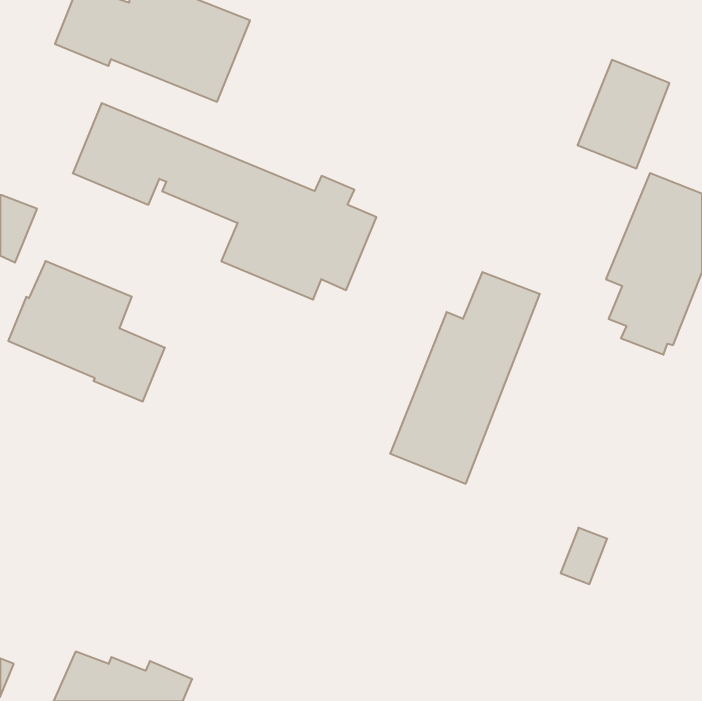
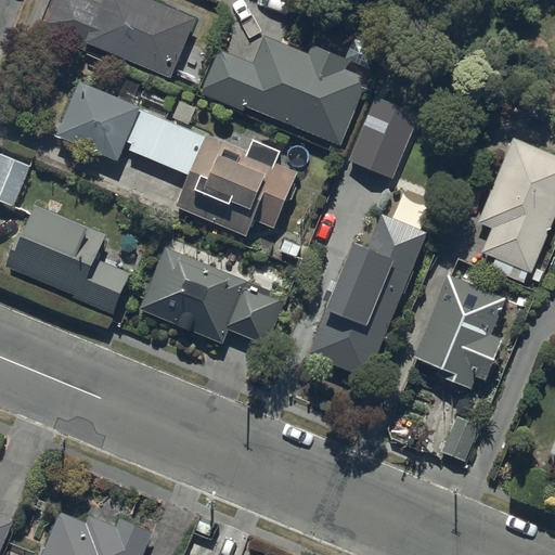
building: none -> [201,33,366,144]
building: [577,60,669,168] -> [346,95,418,181]
building: none -> [137,245,285,345]
building: none -> [413,276,505,392]

